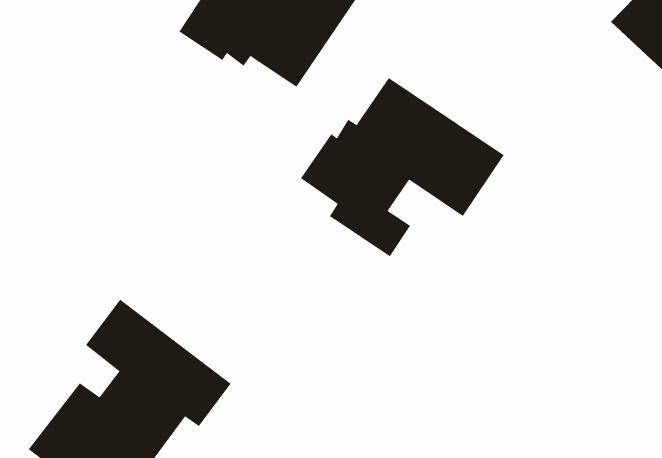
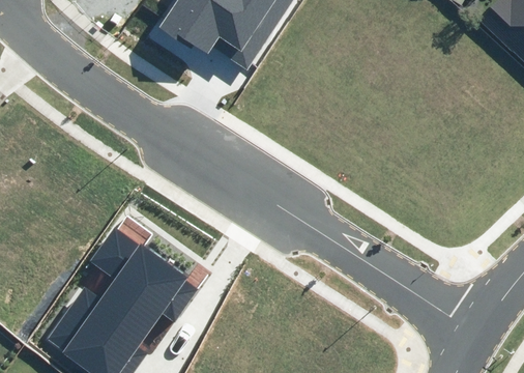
building: [300,77,504,257] -> none

